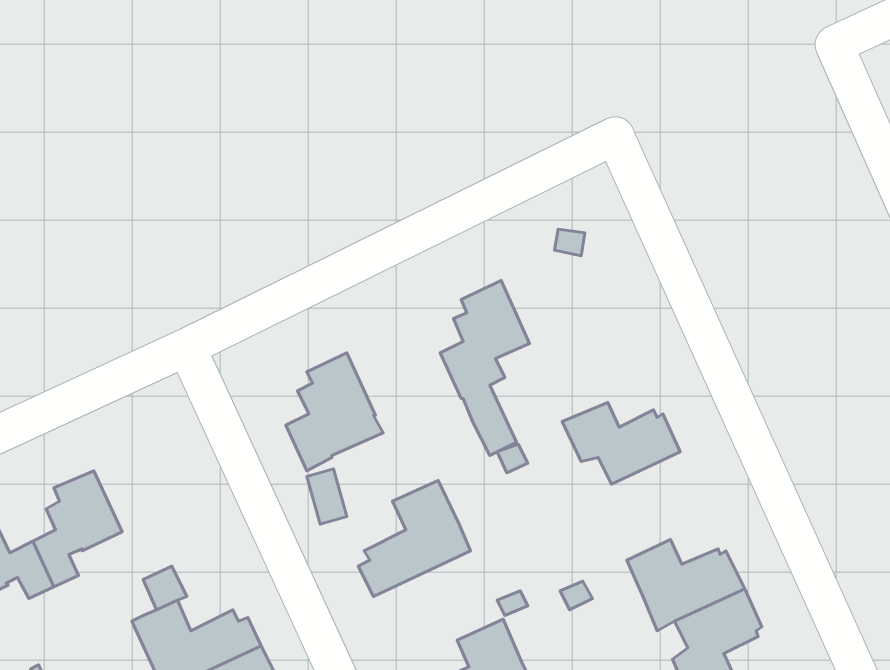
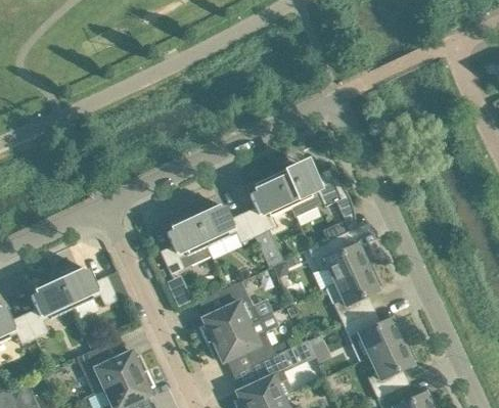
building: none -> [275,165,355,231]
building: none -> [192,202,254,246]
building: none -> [56,266,119,309]
building: none -> [325,266,380,324]
building: none -> [207,313,278,367]

